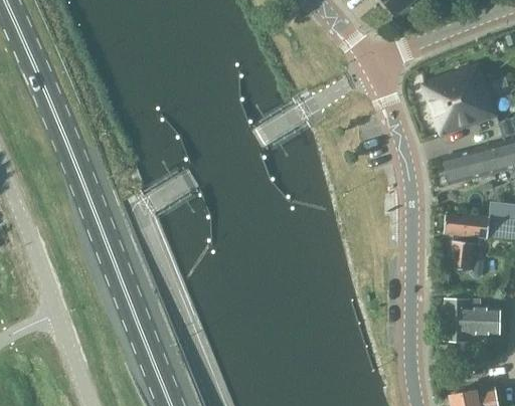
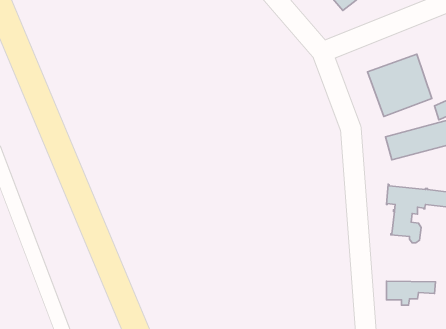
building: [445,298,501,322] -> none

